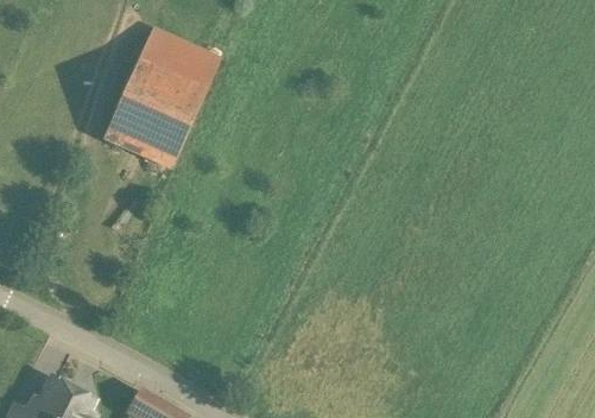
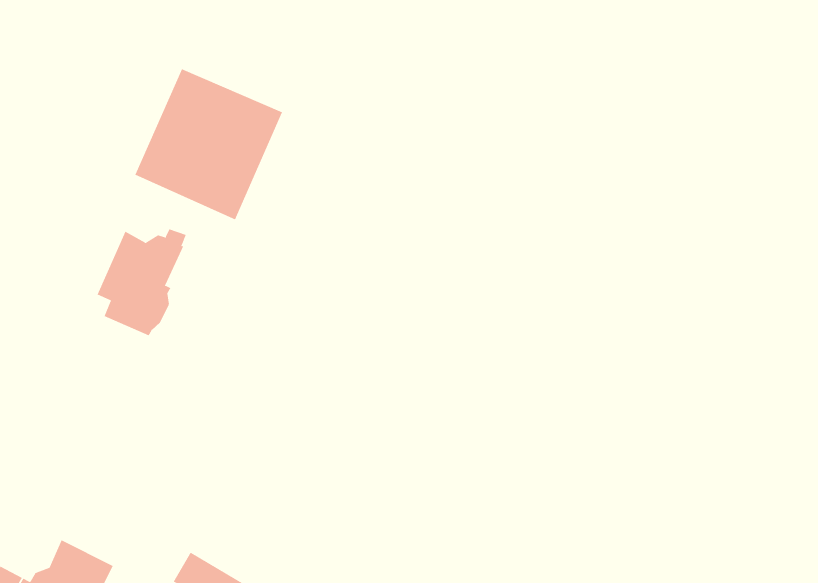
building: [137,27,220,91] -> none
building: none -> [97,228,186,336]

